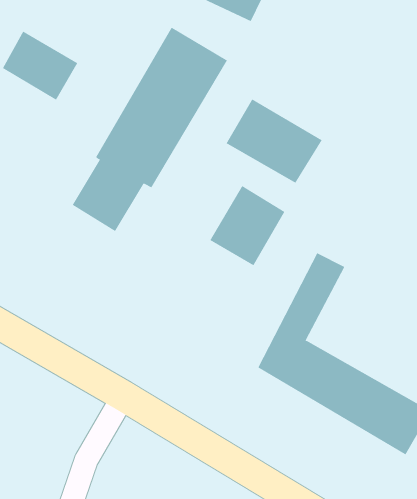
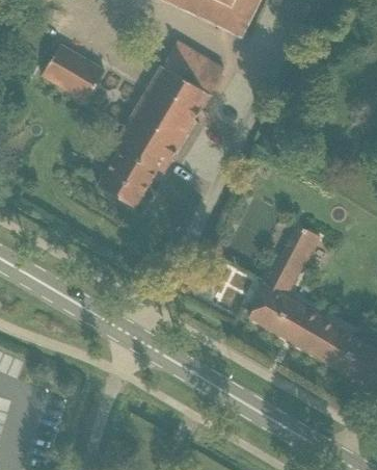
building: [226,98,323,184] -> none
building: [210,185,285,266] -> none

